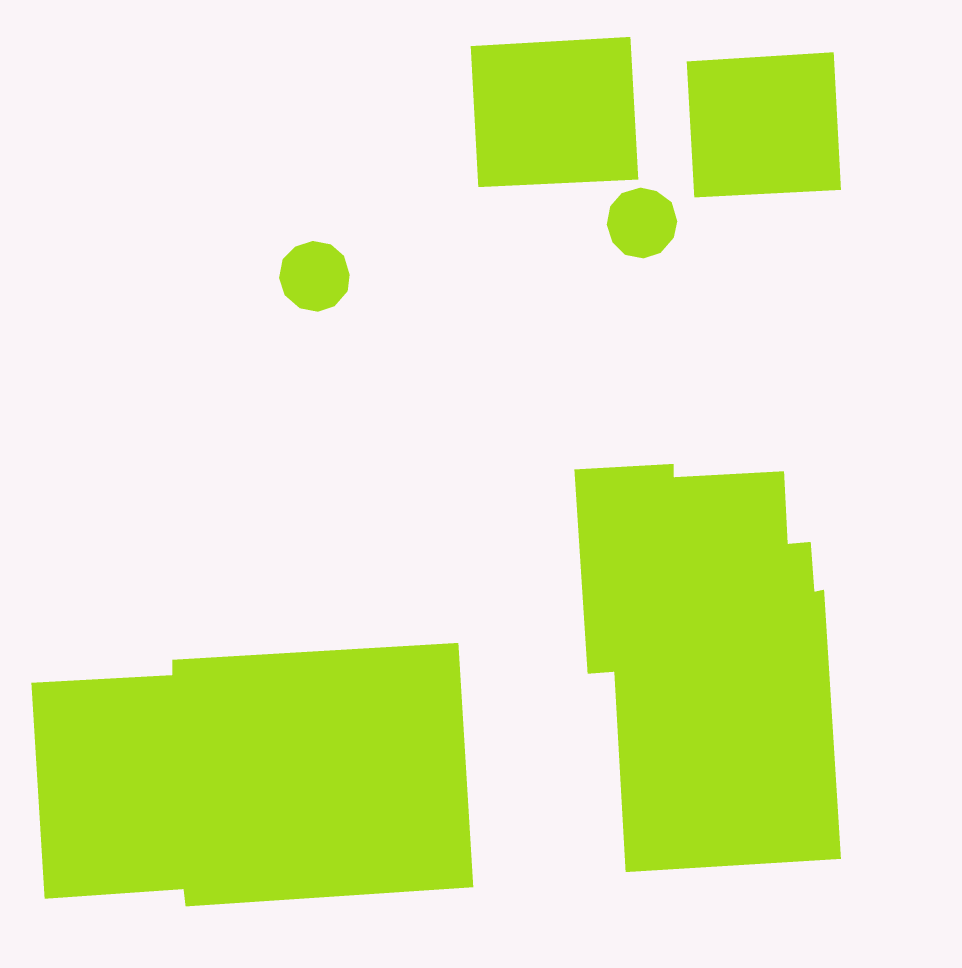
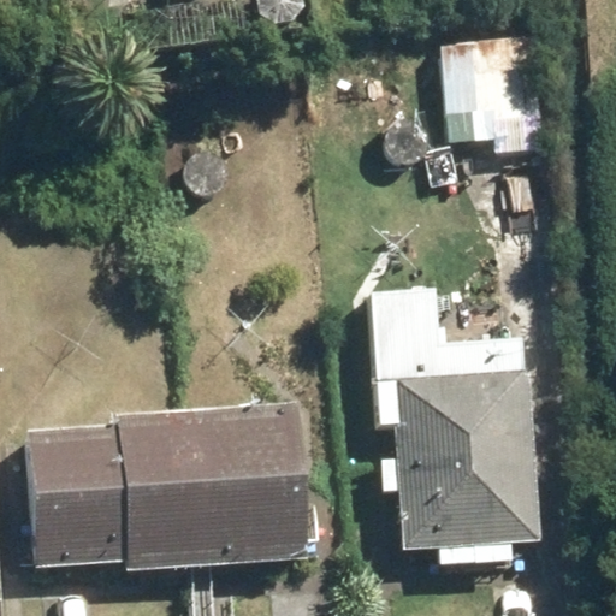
building: [470,36,639,188] -> none

